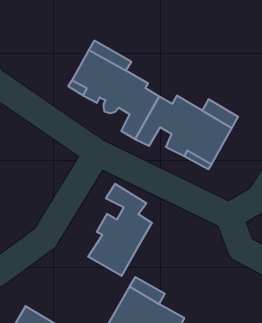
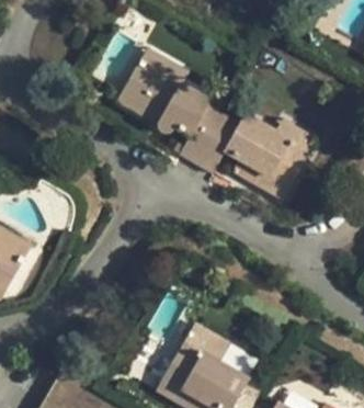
building: [88,184,152,276] -> none

